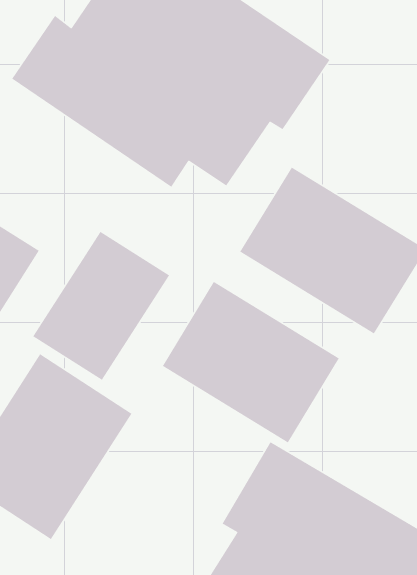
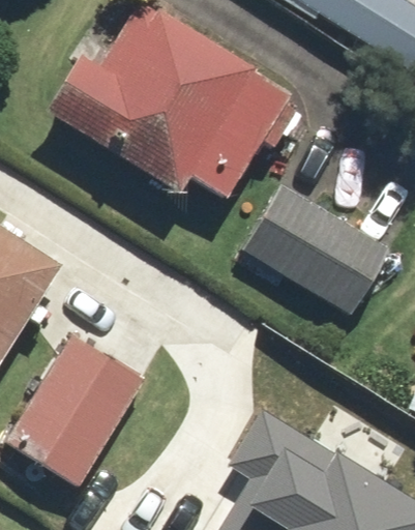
building: [32,231,170,381] -> none
building: [162,281,340,444] -> none

